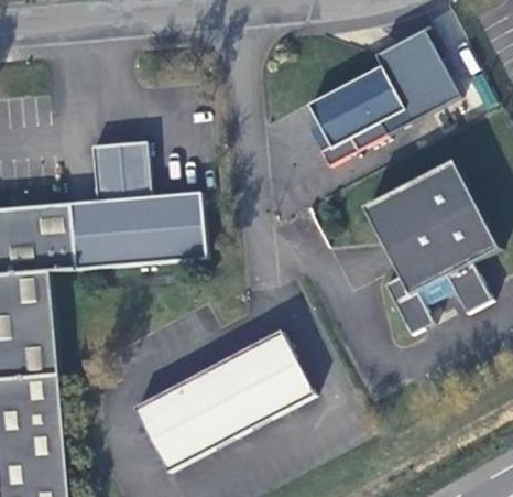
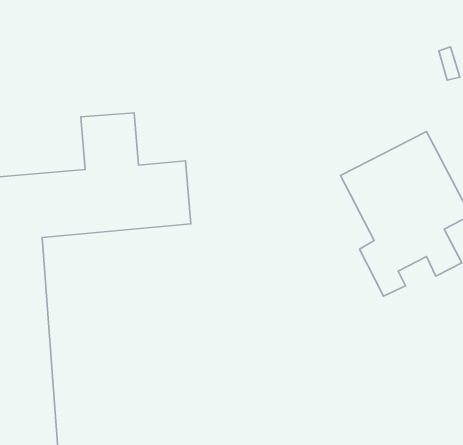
building: [307,29,459,164] -> none
building: [132,329,314,471] -> none

